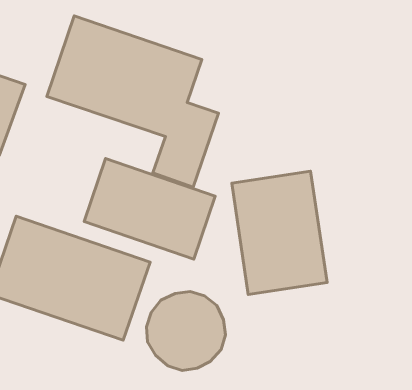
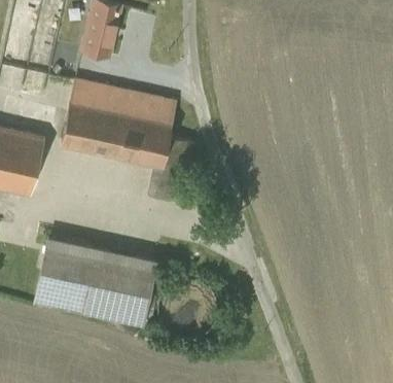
building: [84,159,215,259] -> none
building: [232,171,327,294] -> none

